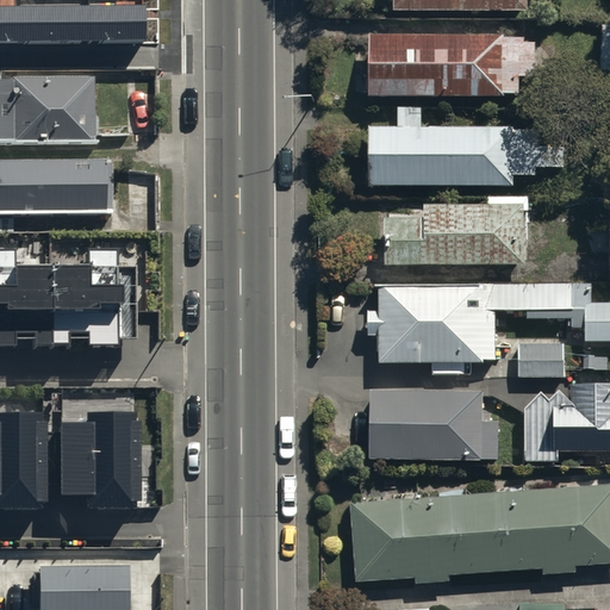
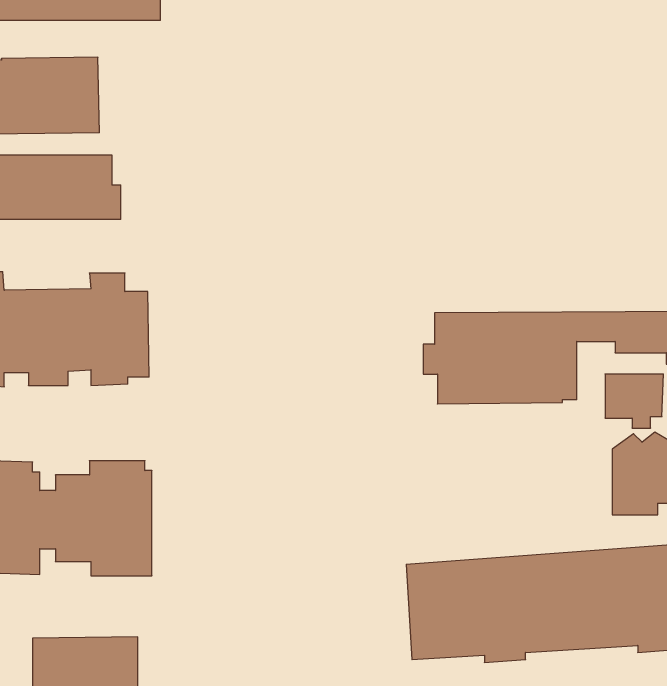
building: [371,32,535,95] -> none
building: [368,106,552,183] -> none
building: [384,194,528,263] -> none
building: [369,388,499,459] -> none

